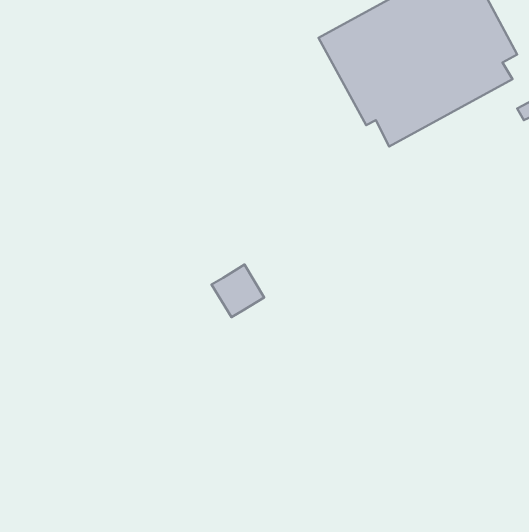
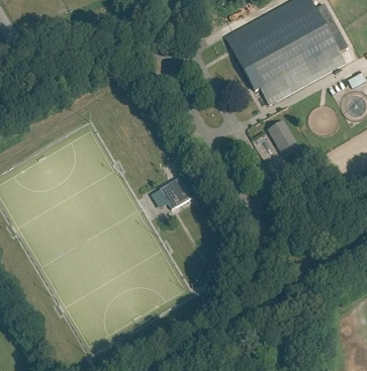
building: none -> [267,121,297,157]

